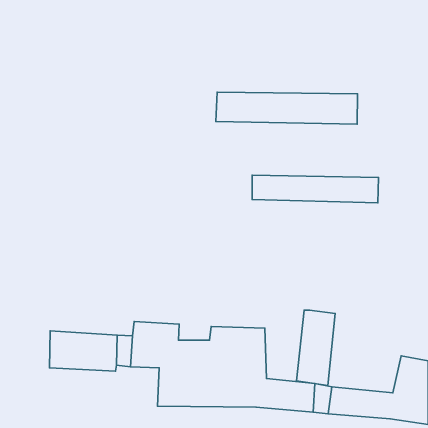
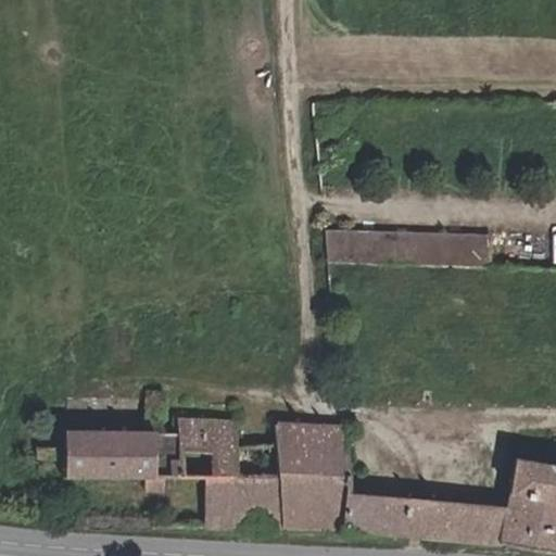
building: [216,92,357,124] -> none
building: [296,310,335,386] -> none

